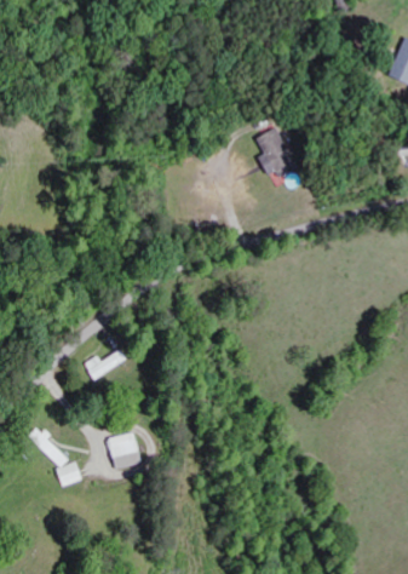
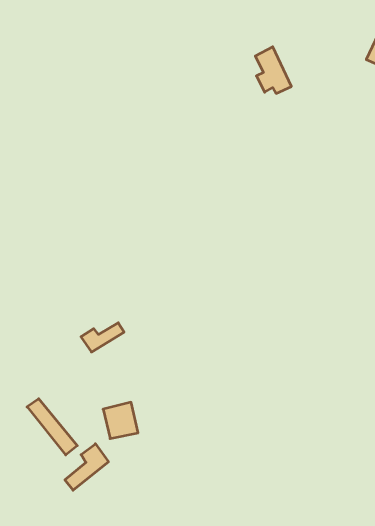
building: [254,128,292,177] -> [255,47,291,93]
building: none -> [65,444,108,490]

